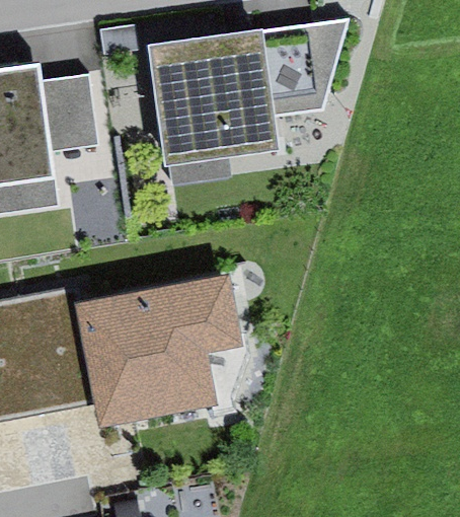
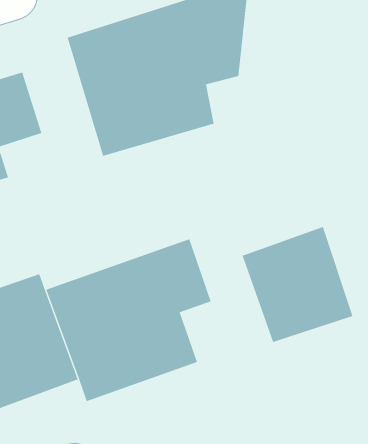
building: none -> [242,226,353,343]

